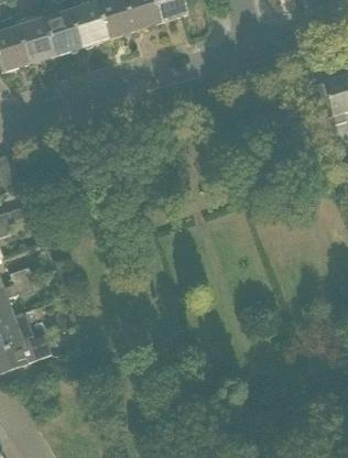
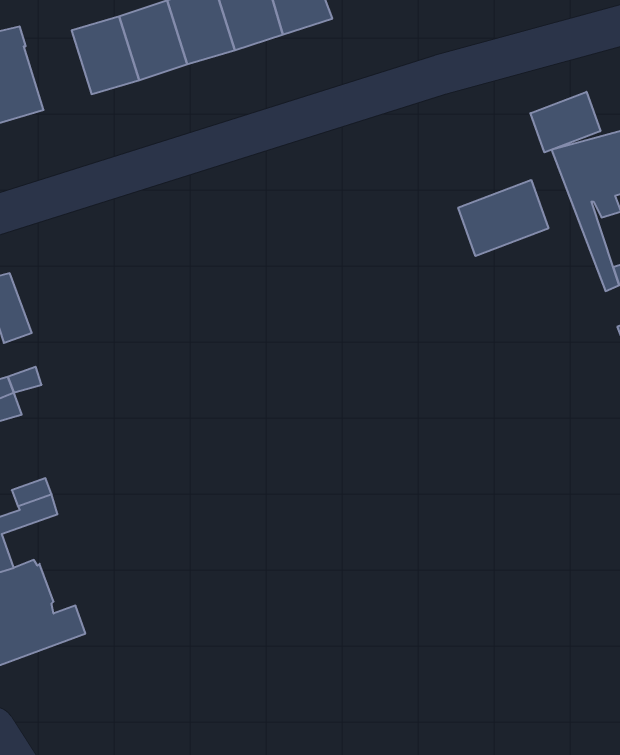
building: [17,20,54,64] -> none
building: none -> [530,92,600,152]
building: none -> [458,180,548,256]

